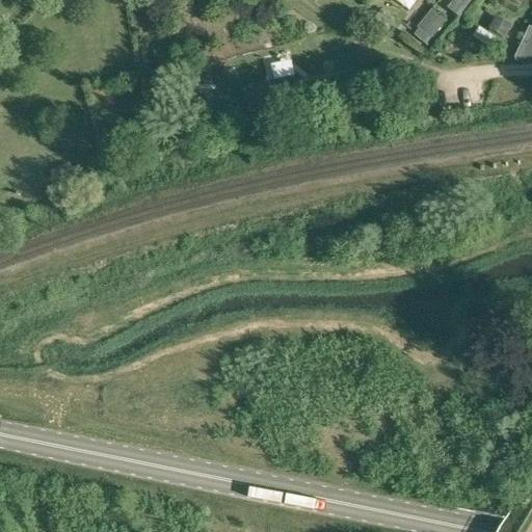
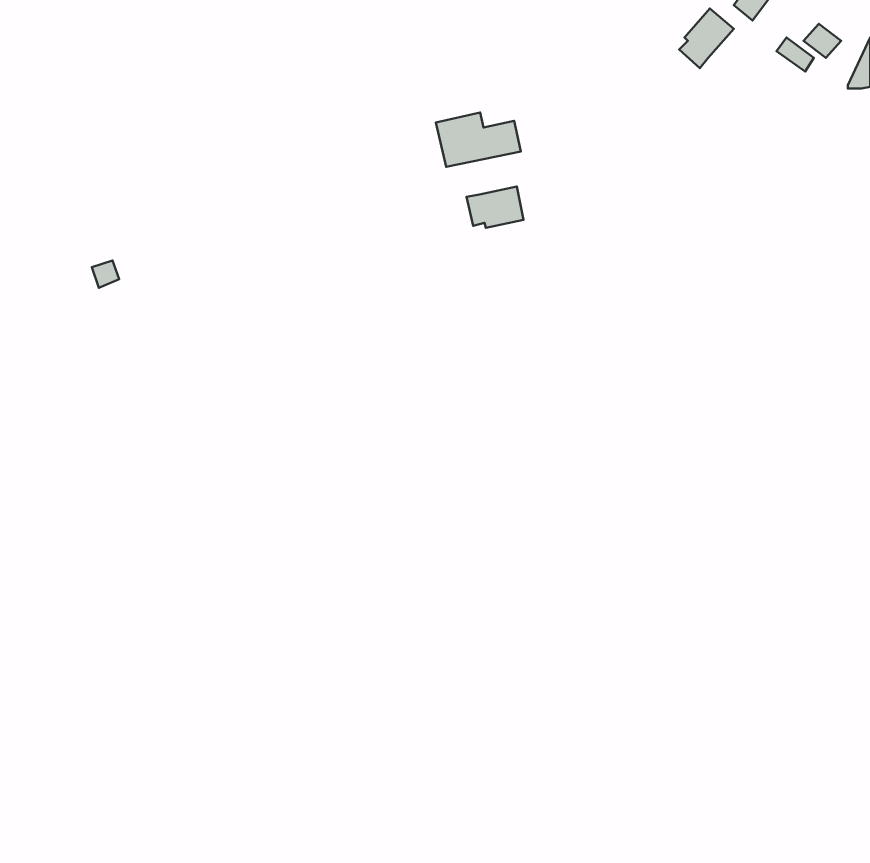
building: none -> [466,186,523,228]

